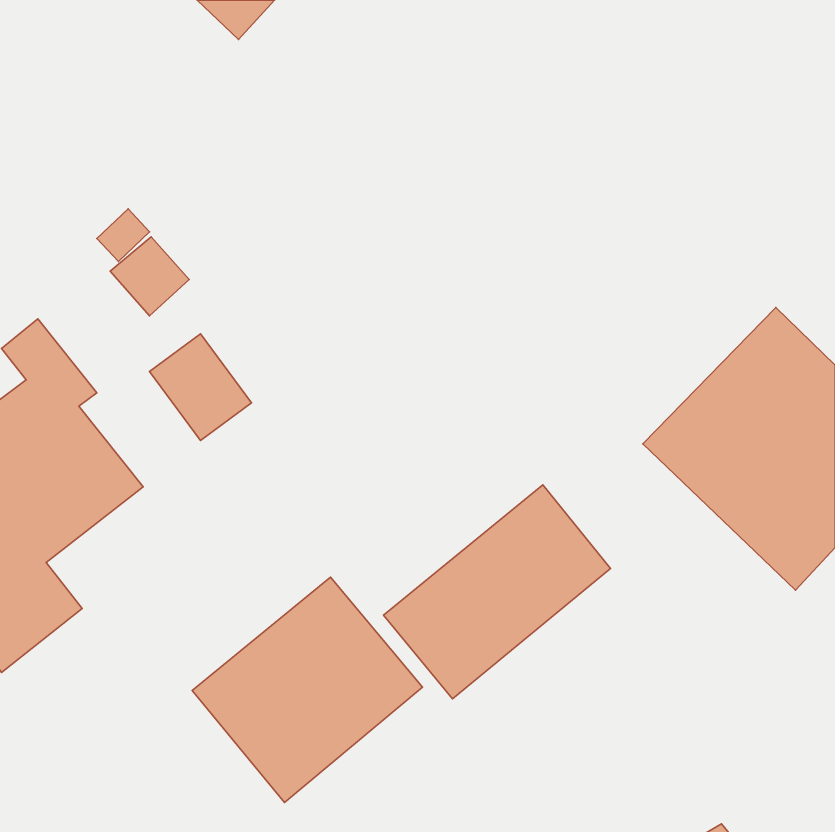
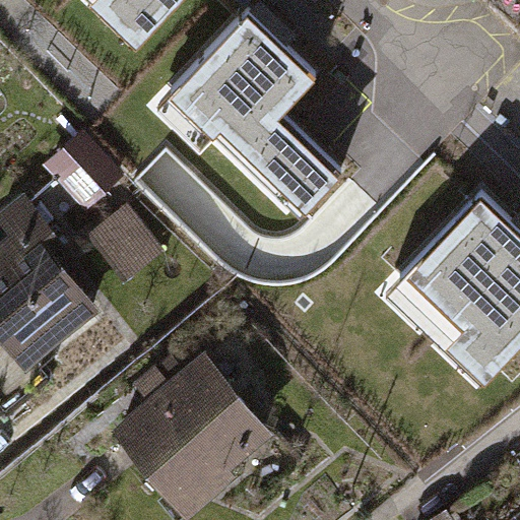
building: none -> [170,12,339,214]
building: [384,485,611,699] -> none

